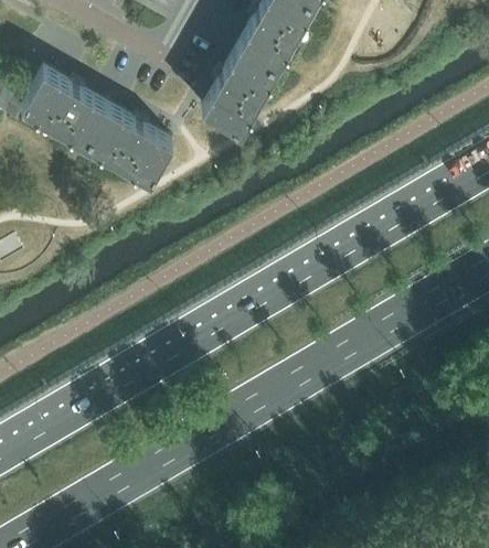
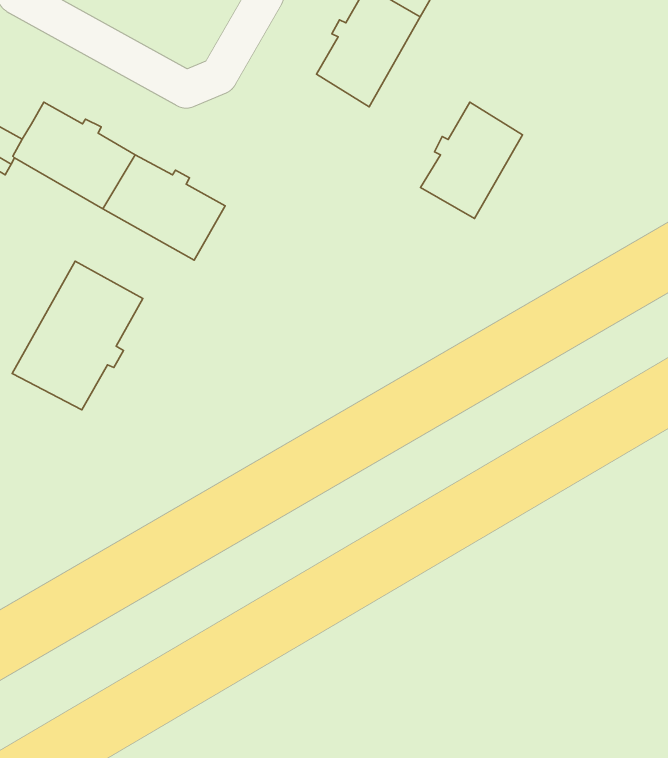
building: [202,54,275,137] -> [420,102,523,219]
building: none -> [12,261,143,410]

